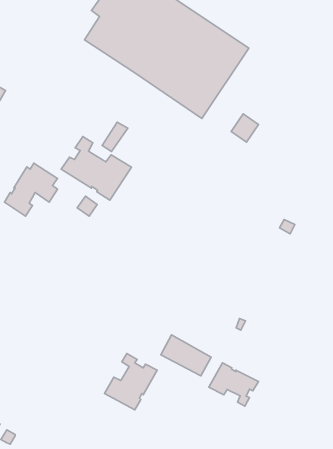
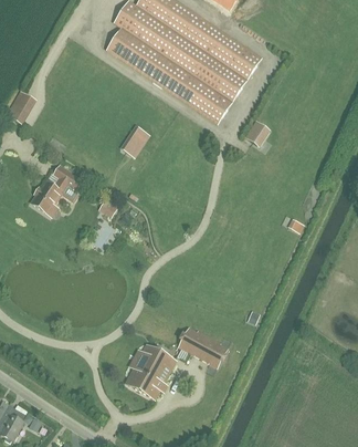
building: [61,136,131,200] -> none
building: [209,363,258,406] -> none

